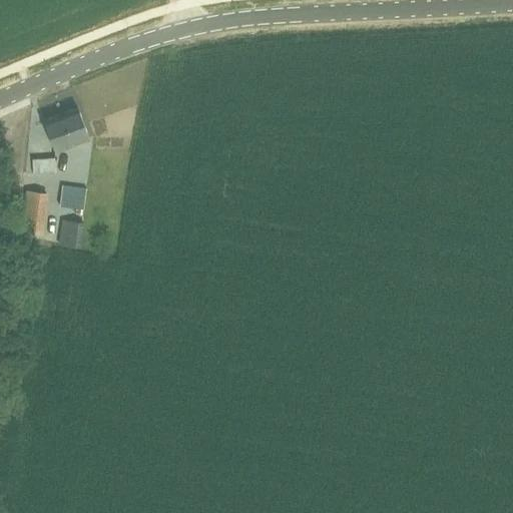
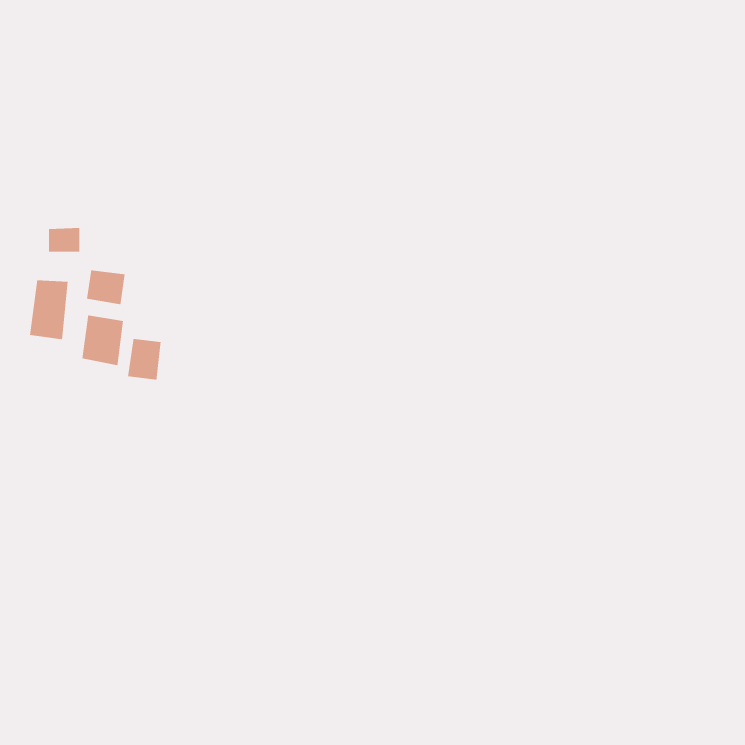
building: [42,109,88,153] -> none
building: none -> [127,338,161,381]

